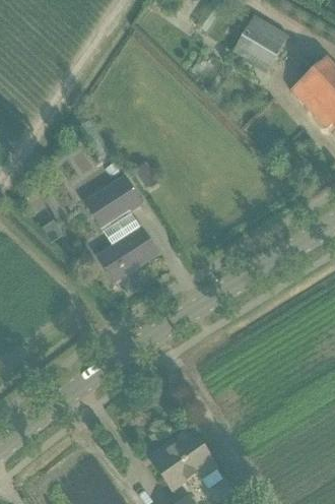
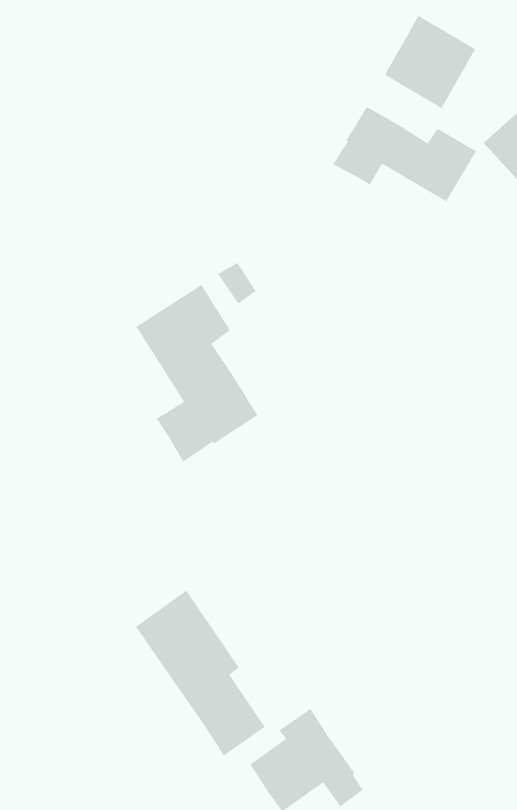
building: none -> [332,106,477,202]
building: none -> [135,590,266,757]

